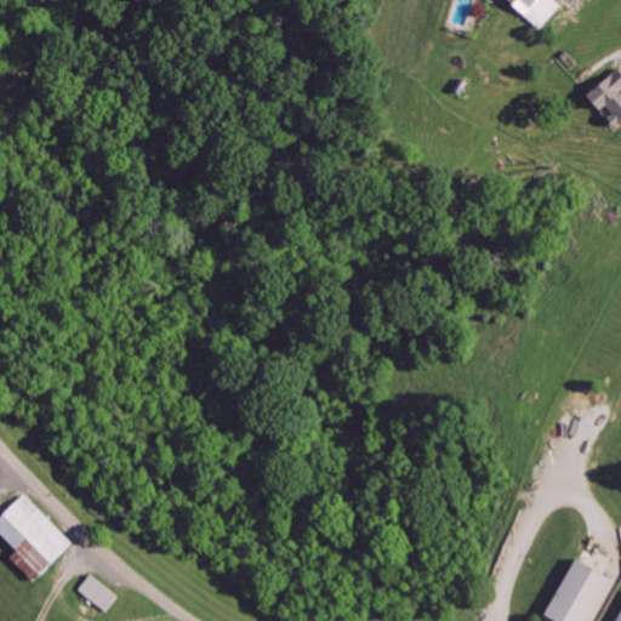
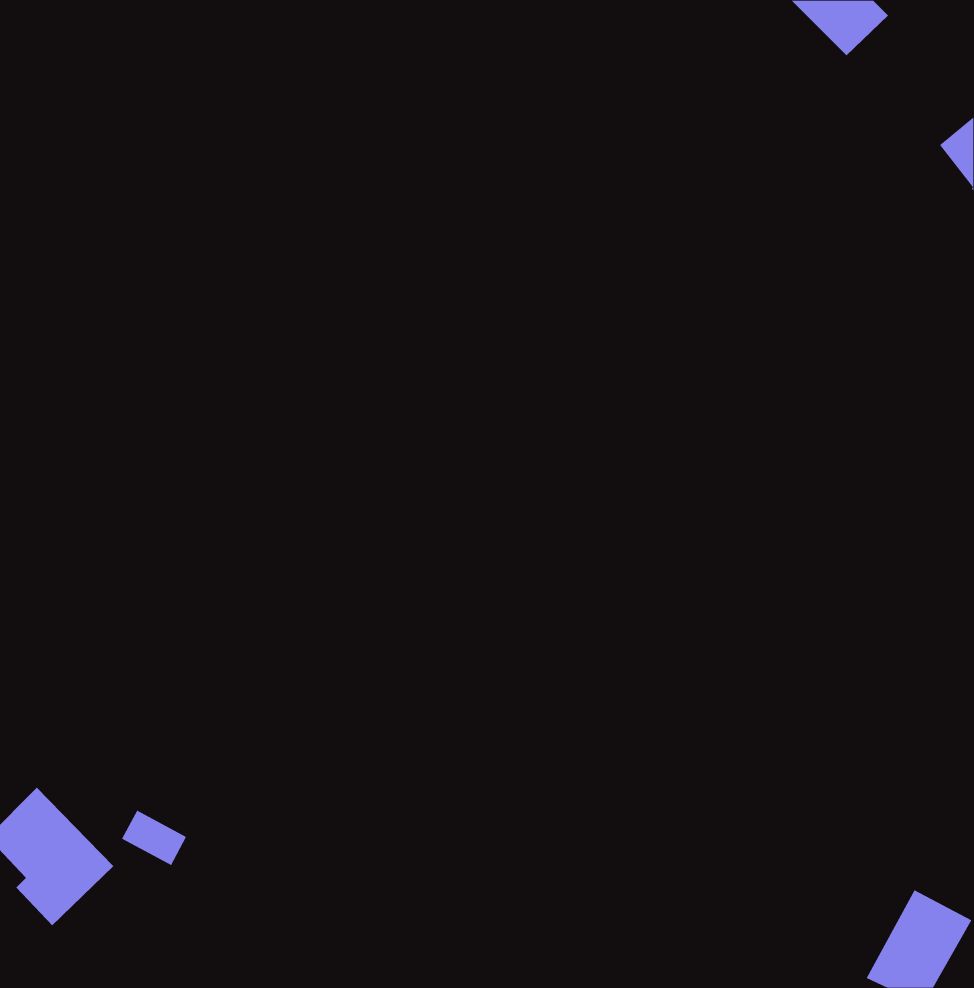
building: [76,575,118,610] -> [121,810,187,866]

